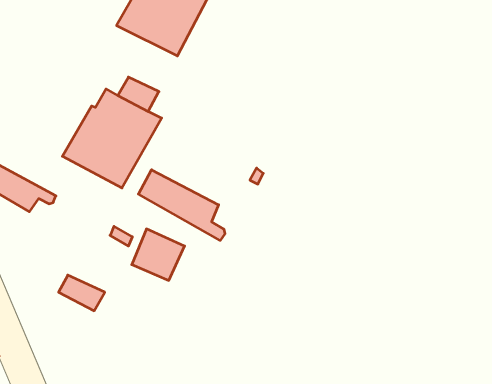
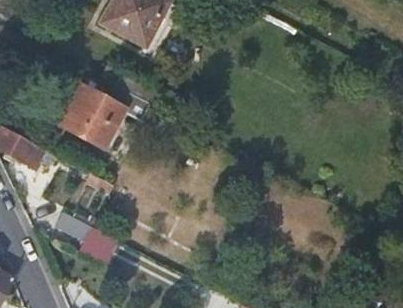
building: [138,170,225,240] -> none
building: [132,229,185,280] -> [81,225,121,264]

